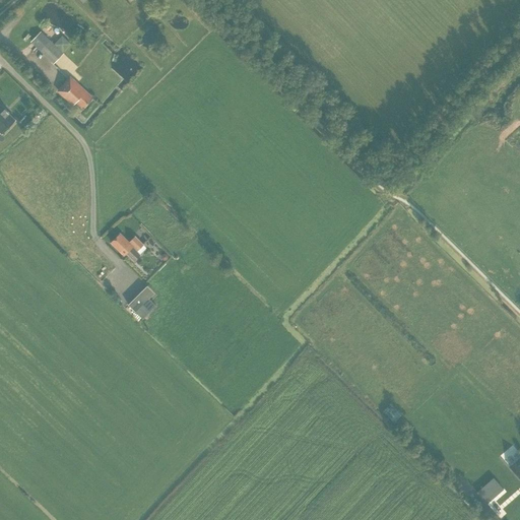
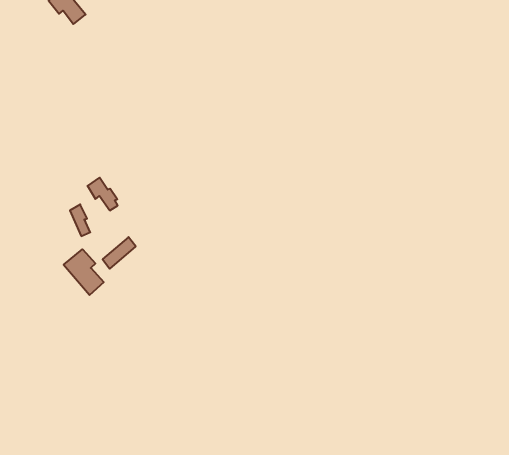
building: none -> [64,249,104,295]

